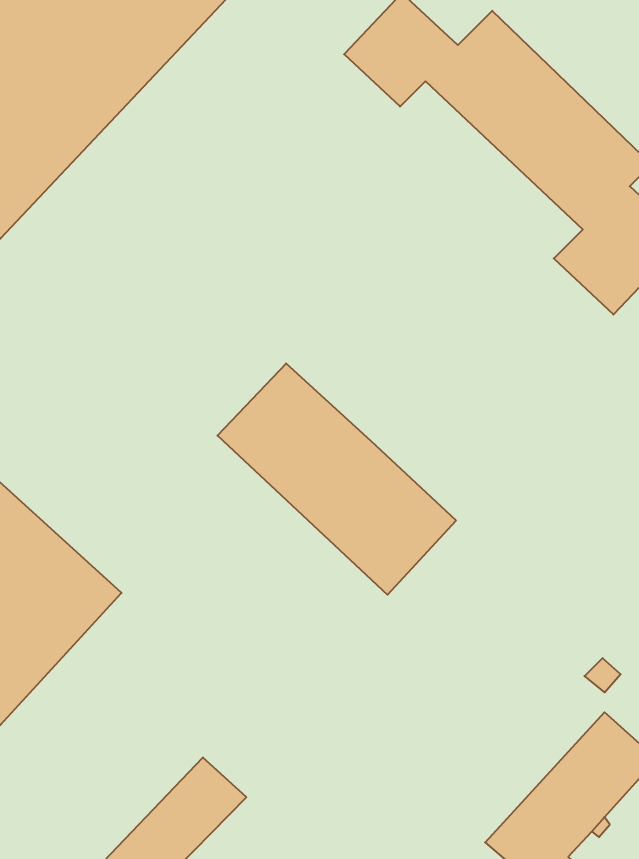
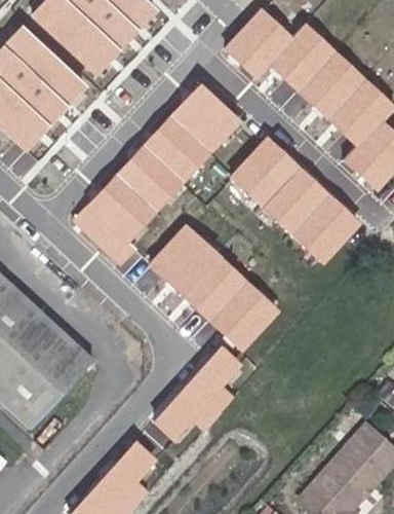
building: none -> [76,83,243,258]
building: none -> [230,137,361,265]
building: none -> [156,353,251,451]

